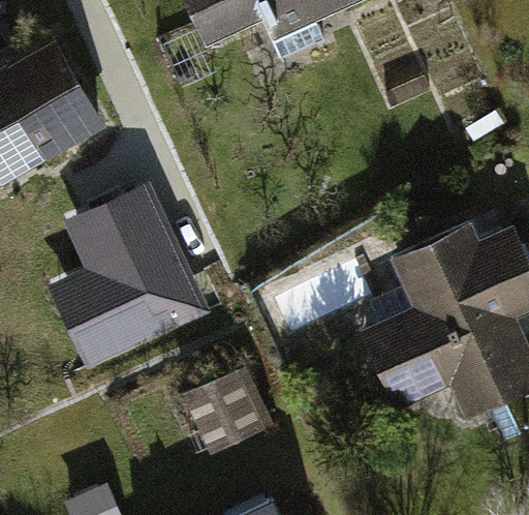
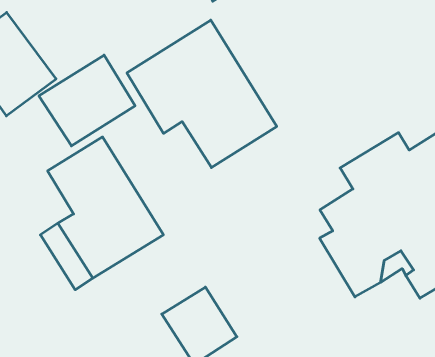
building: none -> [127,20,277,168]
building: none -> [39,55,135,146]

